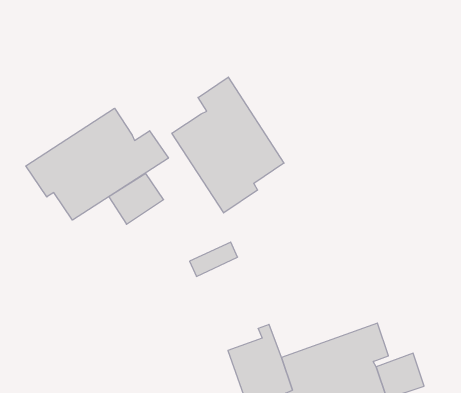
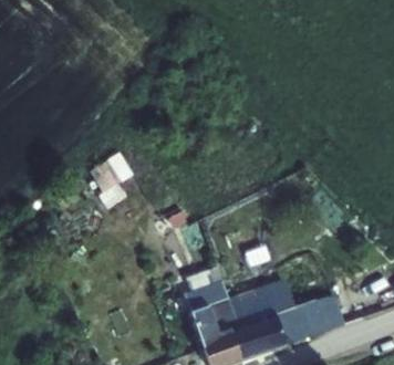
building: [172,77,284,213] -> none
building: [26,108,168,220] -> none

